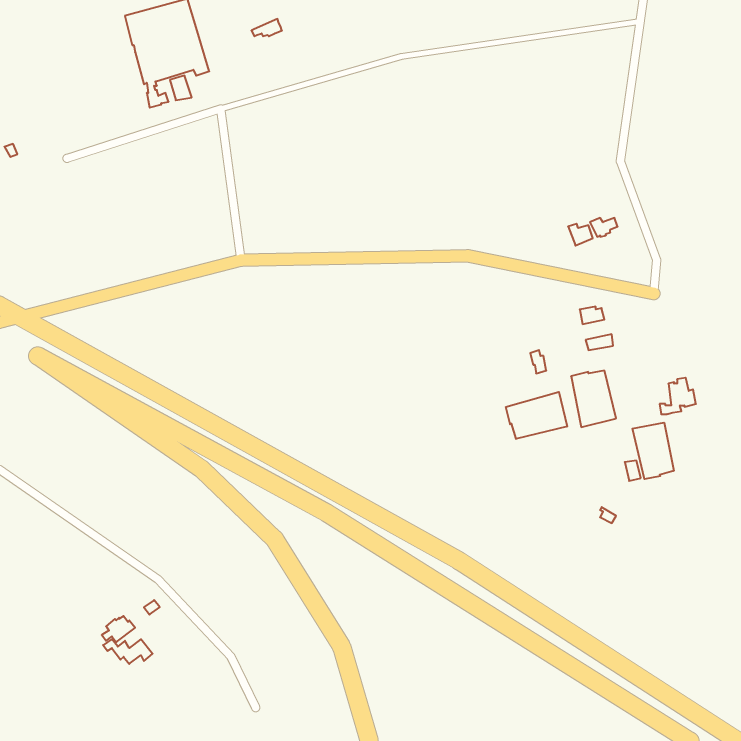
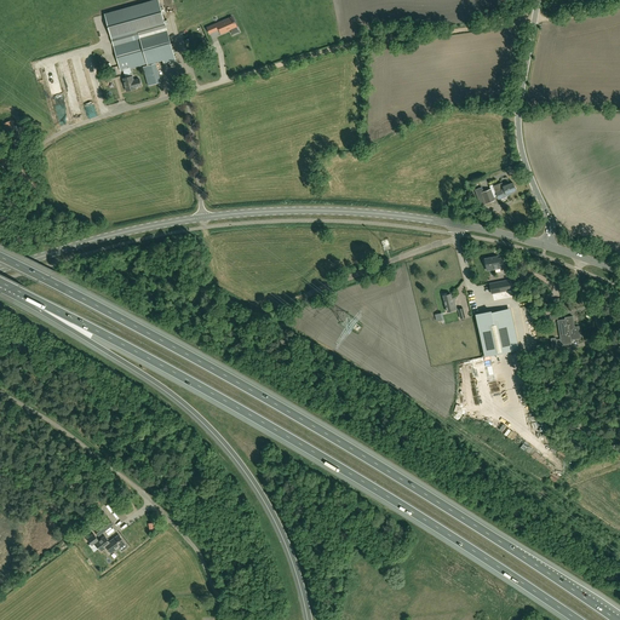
building: [506,392,567,439] -> none
building: [632,423,674,479] -> none

